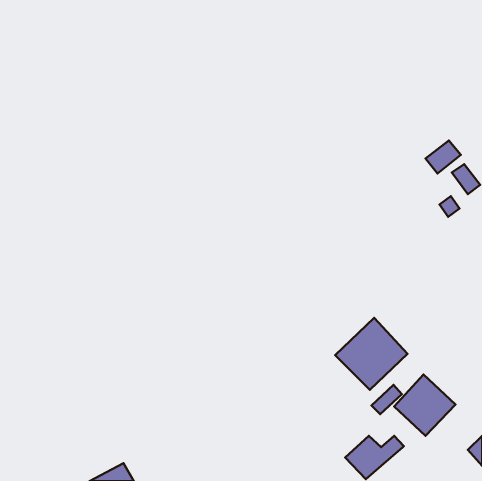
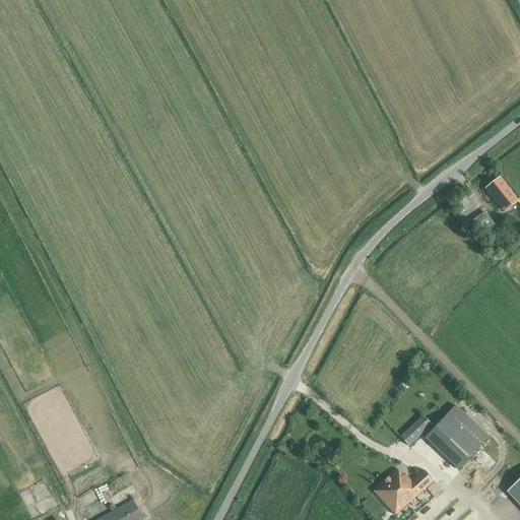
building: [426,141,461,174] -> none
building: [335,318,408,390] -> none

